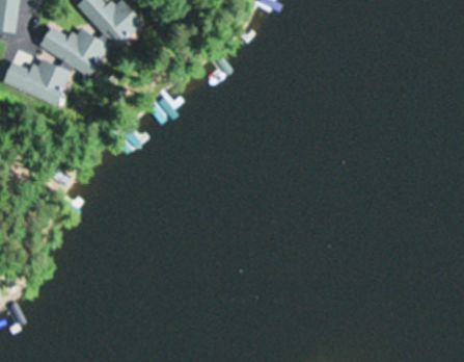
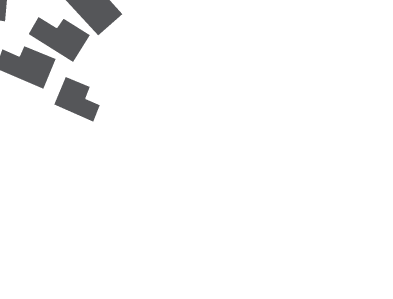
building: none -> [54,76,101,123]

